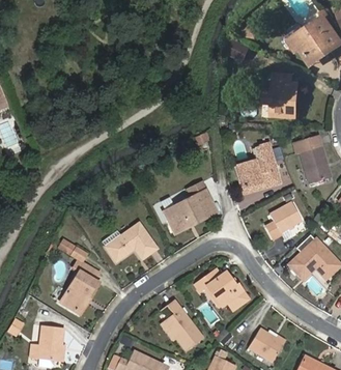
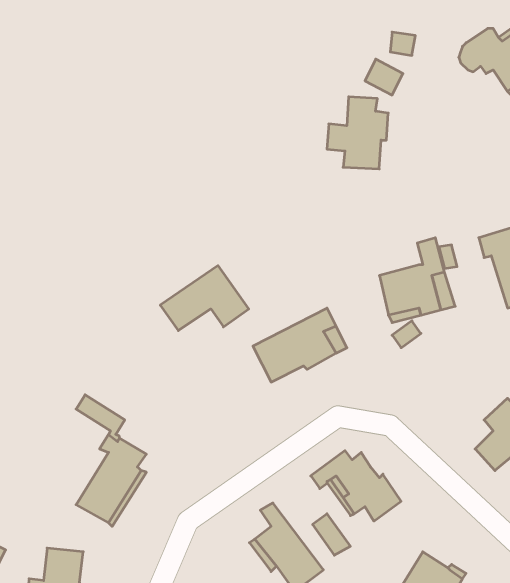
building: [261,75,296,116] -> [327,97,388,169]
building: [266,204,300,239] -> none
building: [106,219,157,256] -> [160,266,249,331]

